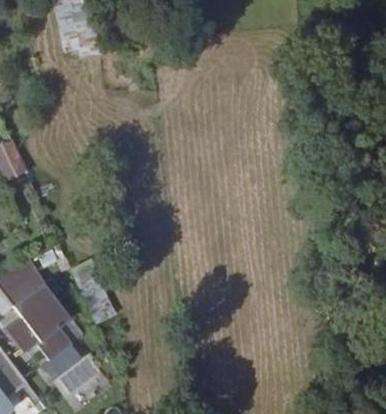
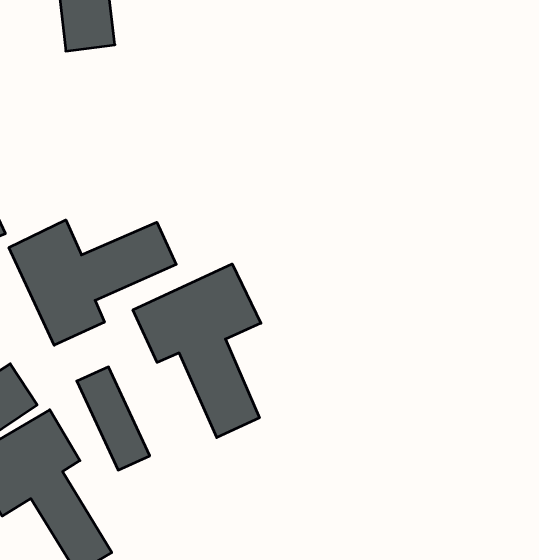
building: none -> [9,220,176,345]
building: none -> [133,264,261,438]

